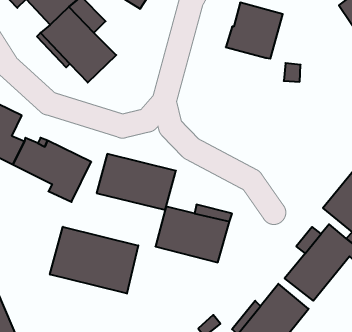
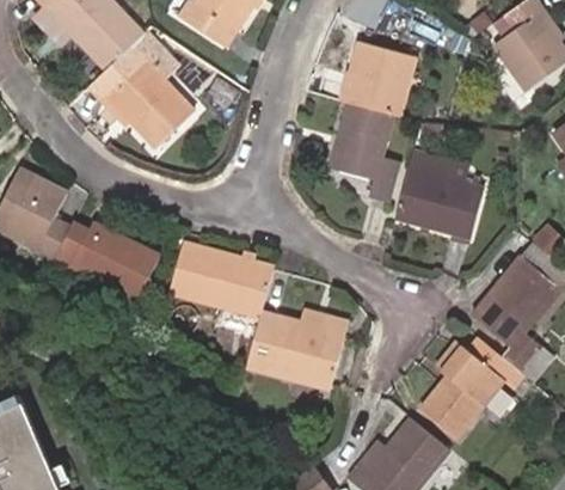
building: none -> [331,102,399,201]
building: none -> [394,149,484,238]
building: [50,227,138,294] -> none

